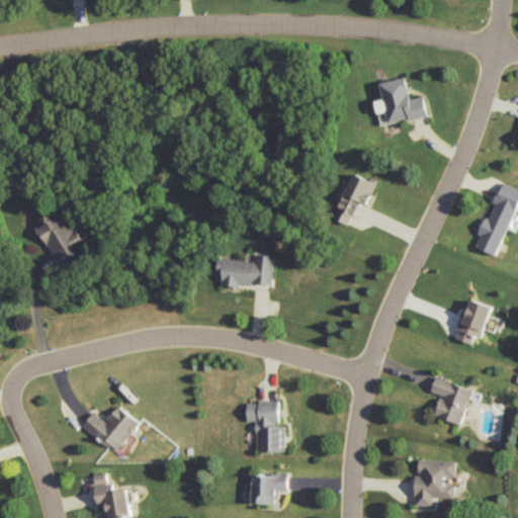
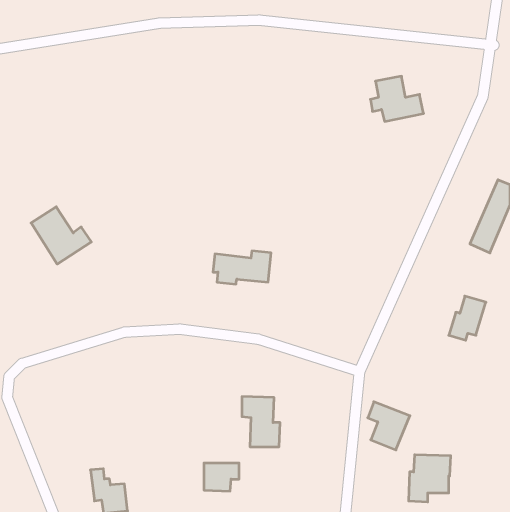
building: [333,172,377,226] -> none
building: [429,376,471,425] -> [368,402,410,450]
building: [80,406,137,452] -> none
building: [249,474,284,503] -> [204,463,239,491]

